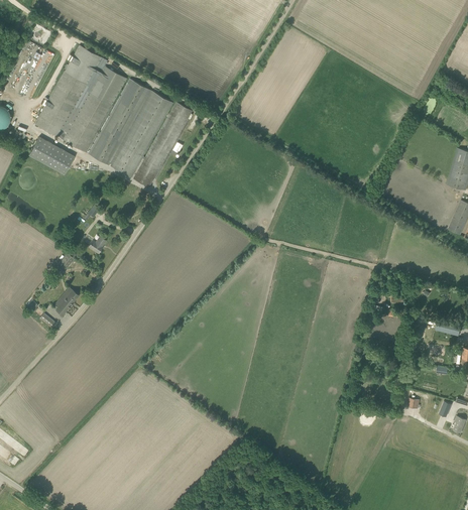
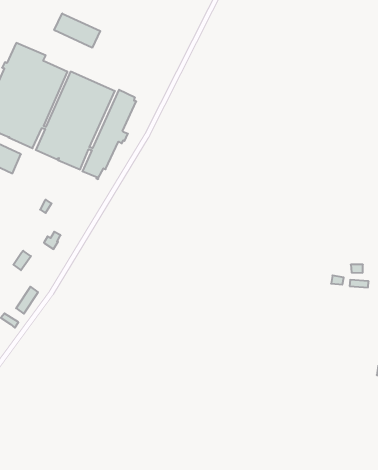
building: none -> [54,13,100,48]

